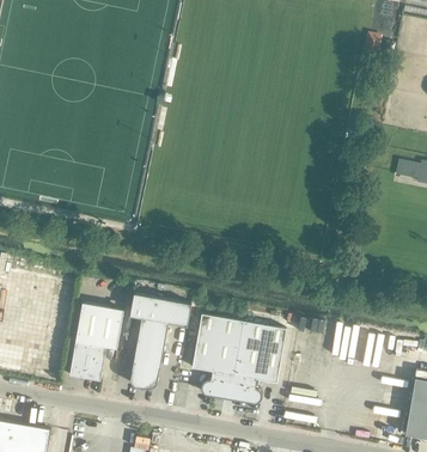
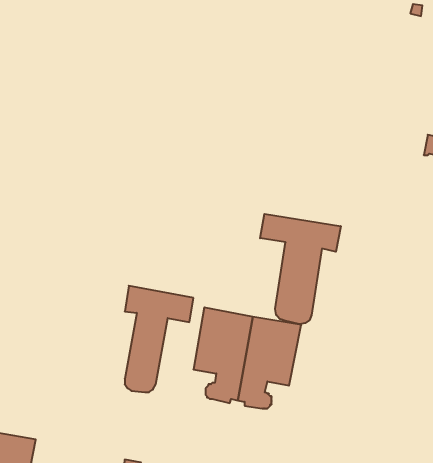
building: none -> [260,214,341,324]
building: [69,301,124,379] -> none

